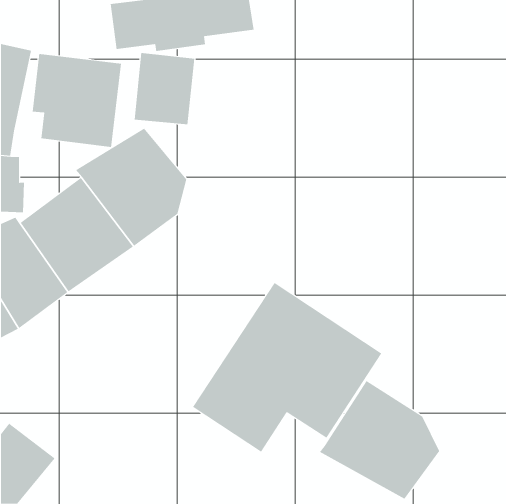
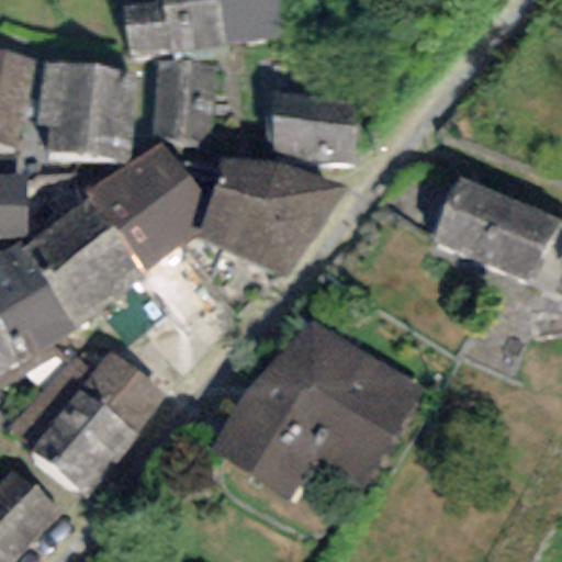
building: none -> [265,92,359,160]
building: none -> [198,156,347,273]
building: none -> [430,176,555,281]
building: none -> [9,349,168,495]
building: [319,380,440,499] -> none

